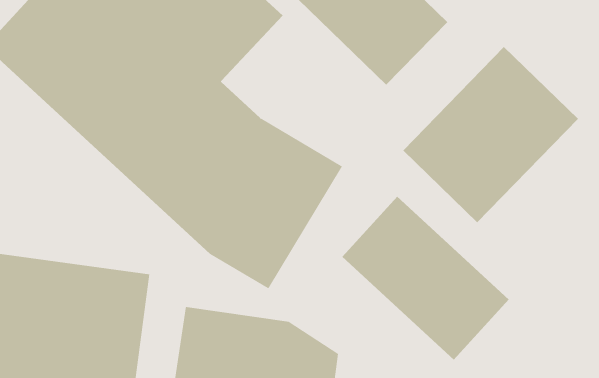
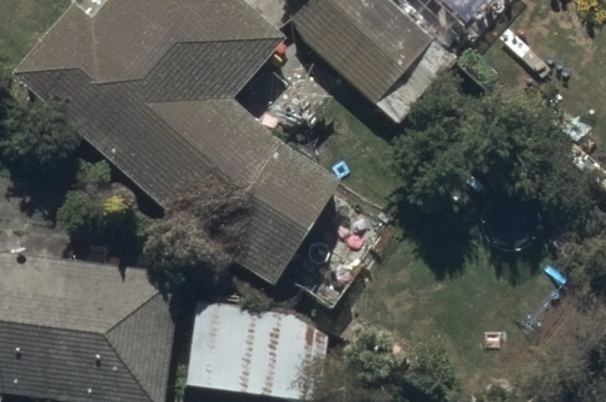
building: [402,46,579,223] -> none
building: [341,196,509,360] -> none

